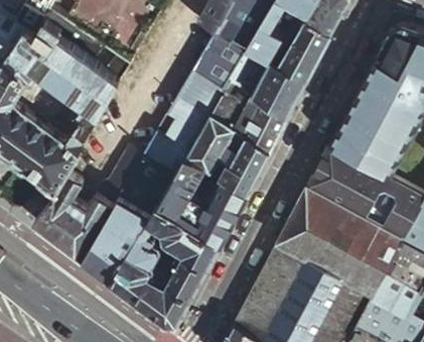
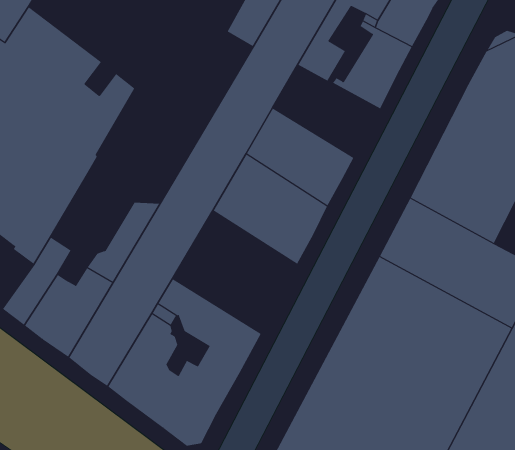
building: [230,49,308,117] -> none
building: [157,155,248,245] -> none

